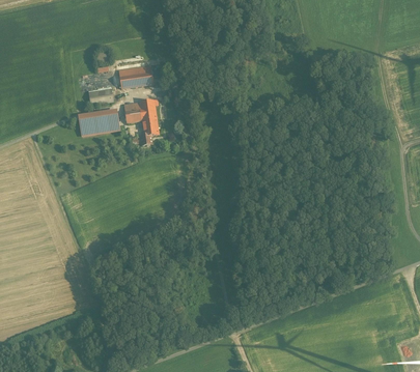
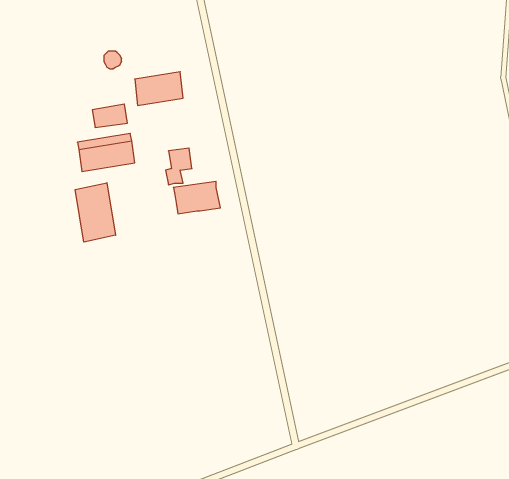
building: [124,101,158,123] -> [173,181,220,214]
building: none -> [75,183,116,242]

